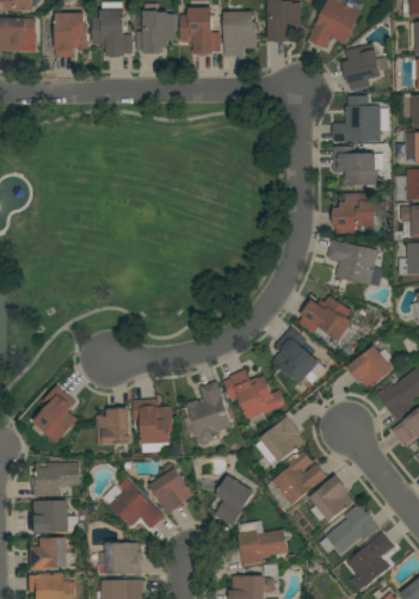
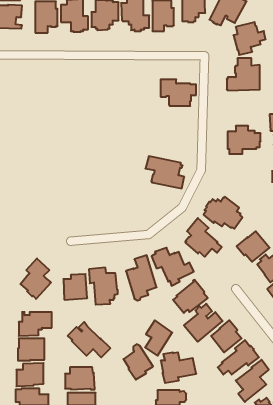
building: [333,147,384,185] -> [161,79,196,106]
building: [327,240,383,286] -> [145,156,184,188]
building: [150,463,193,514] -> [123,344,153,380]

